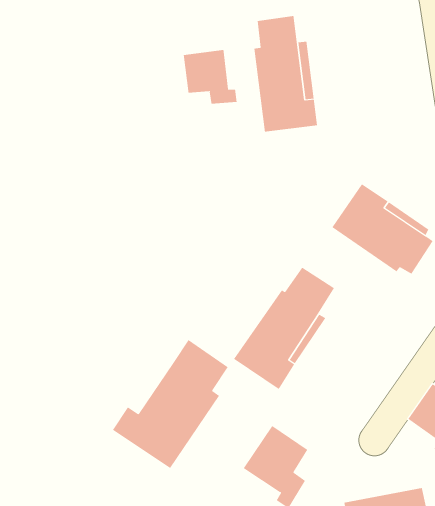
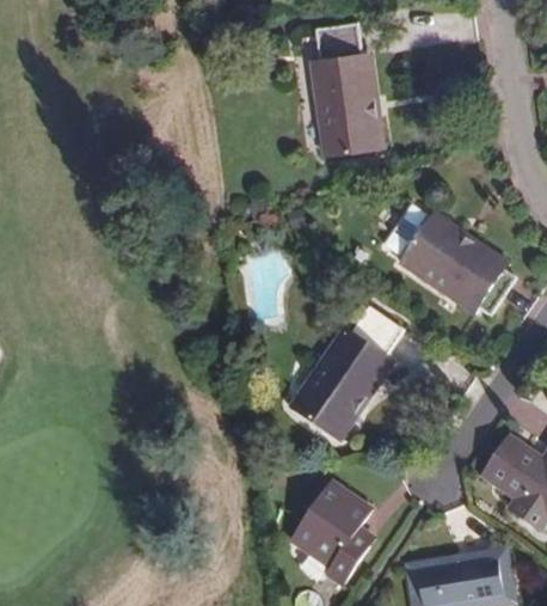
building: [183,49,237,105] -> none
building: [112,339,229,469] -> none

